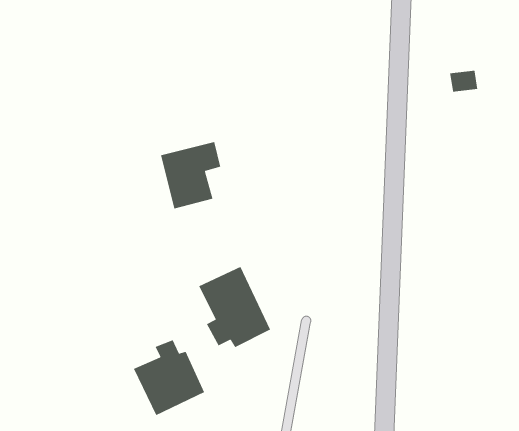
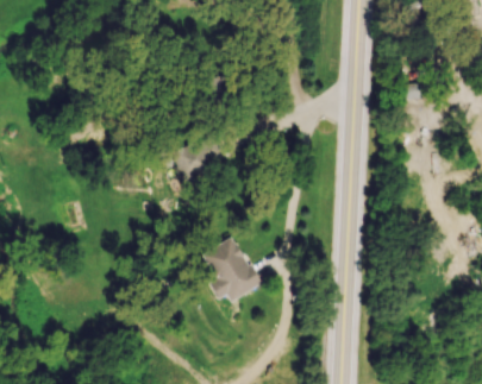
building: [133,339,205,416] -> none

